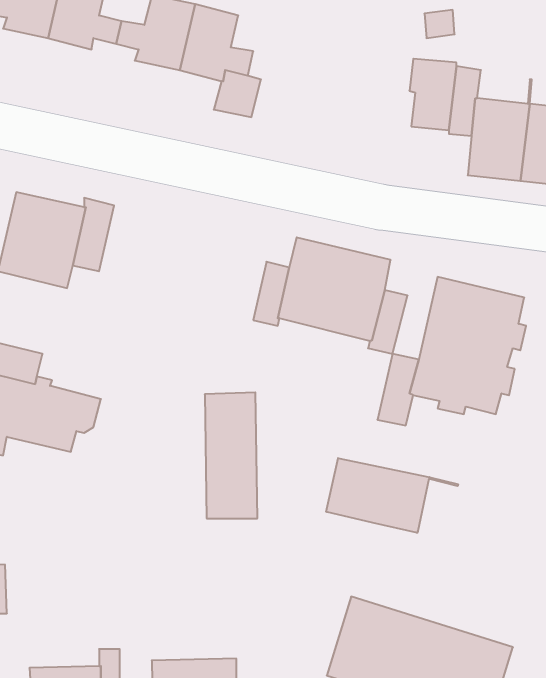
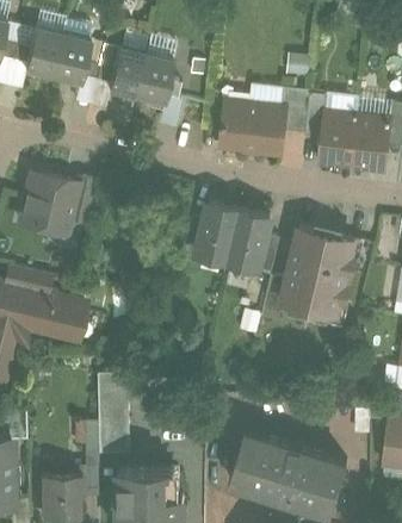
building: none -> [219,102,284,154]
building: [205,392,257,518] -> [95,373,129,453]
building: [326,458,458,533] -> none

